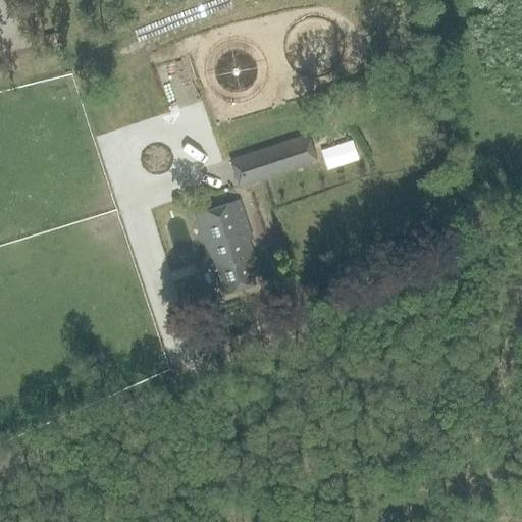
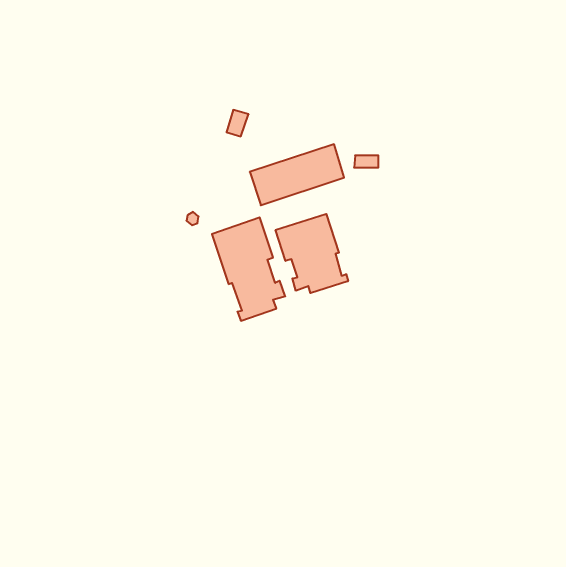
building: none -> [276,214,348,293]

